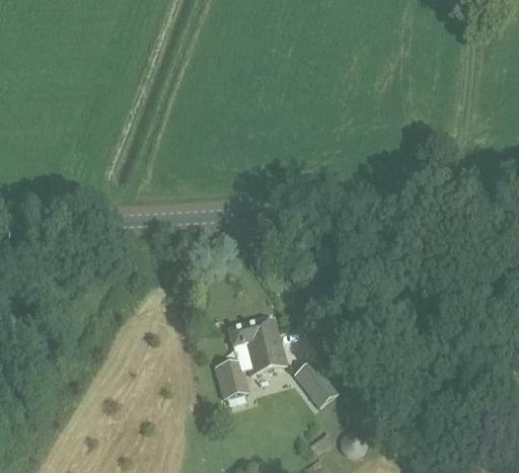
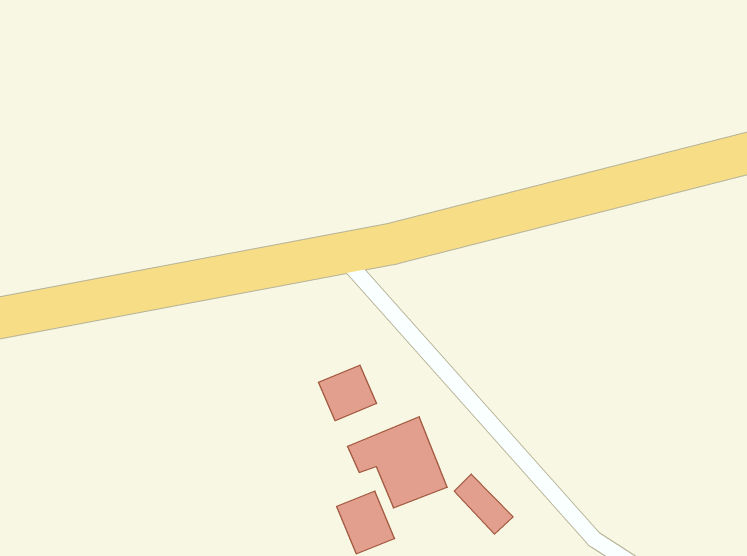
building: none -> [318,365,376,421]

